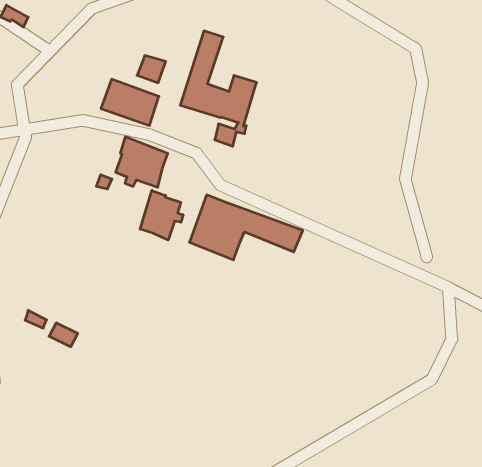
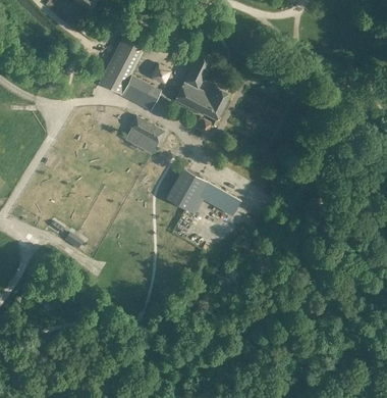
building: none -> [99,39,146,96]
building: [140,190,183,240] -> none

